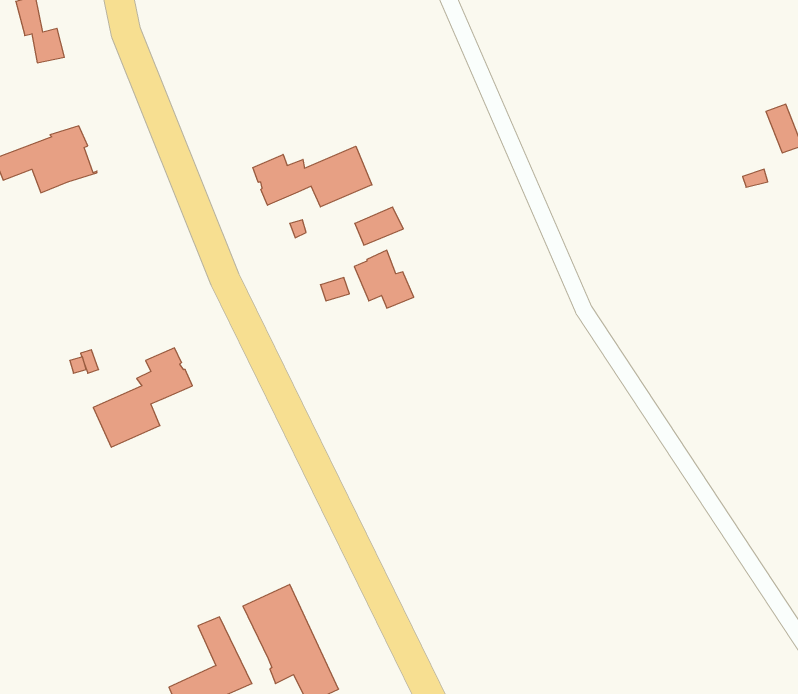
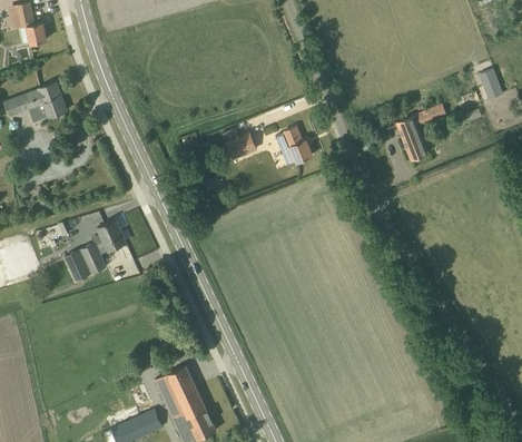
building: [253,146,372,207] -> none
building: none -> [396,106,444,161]
building: [354,250,414,308] -> [276,127,313,163]

